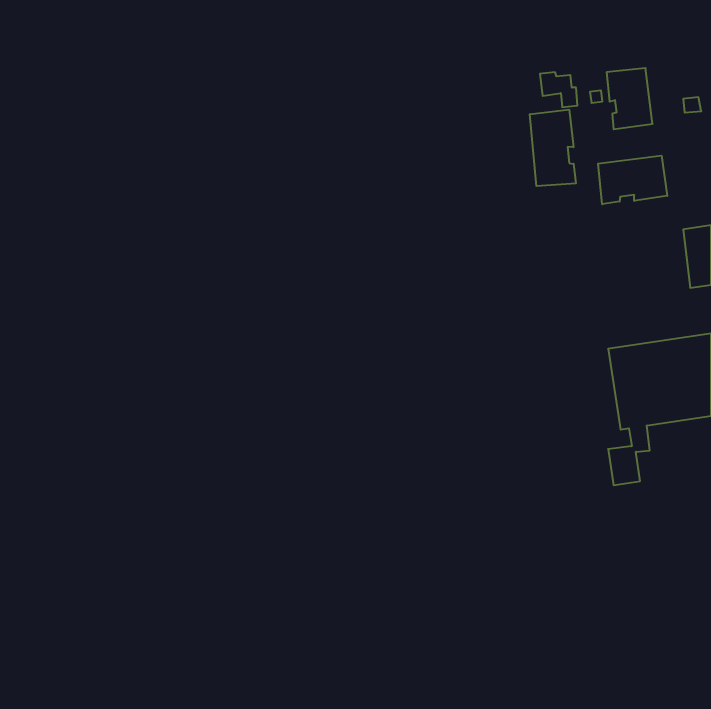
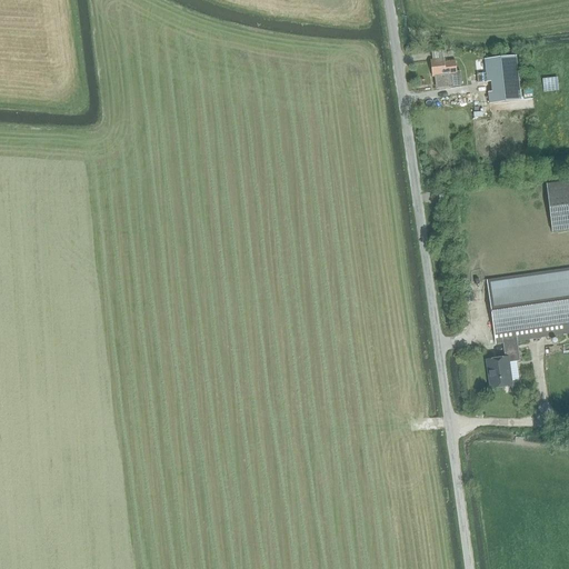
building: [530,110,576,186] -> none
building: [598,156,667,204] -> none

